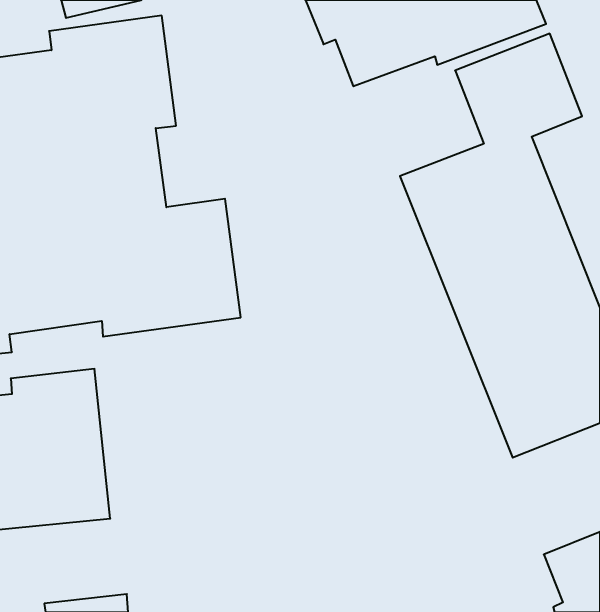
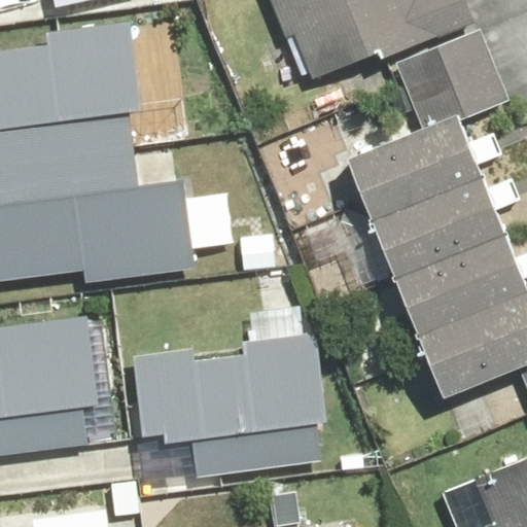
building: none -> [142,341,333,482]

